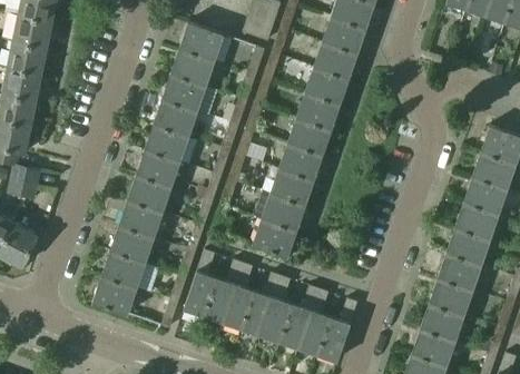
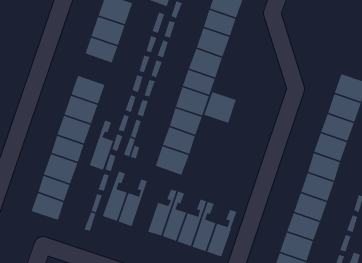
building: [153,102,197,141] -> none
building: none -> [203,91,237,124]
building: [223,265,255,331] -> [89,120,114,171]

